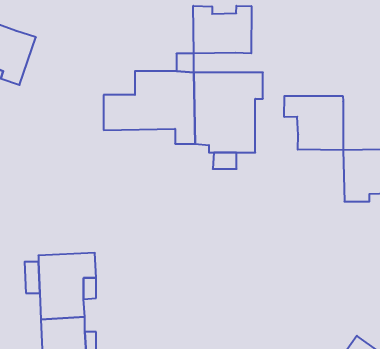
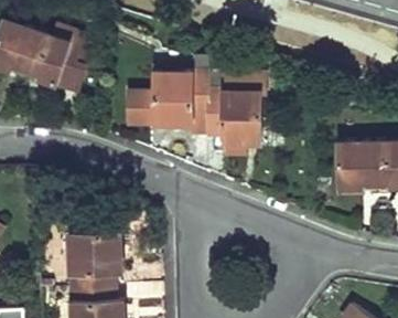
building: [193,6,251,54] -> none
building: none -> [51,25,89,92]
building: [284,96,343,150] -> none

